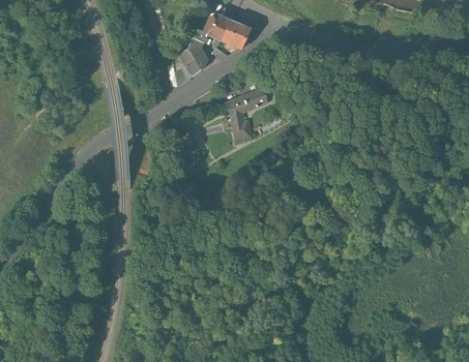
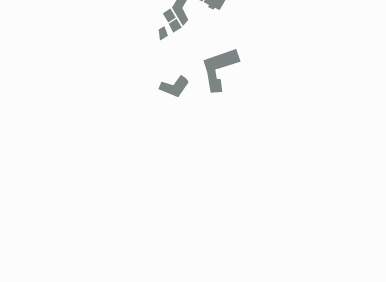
building: none -> [158,74,189,98]

